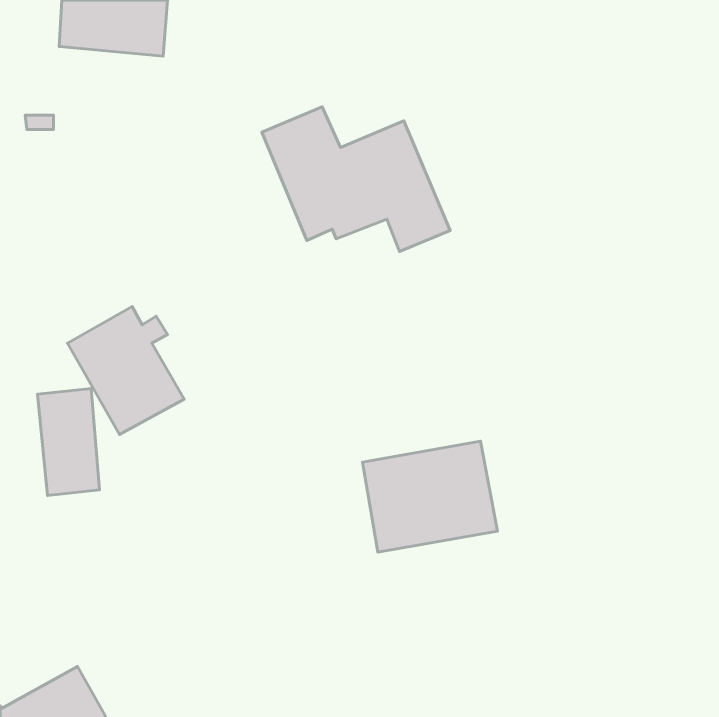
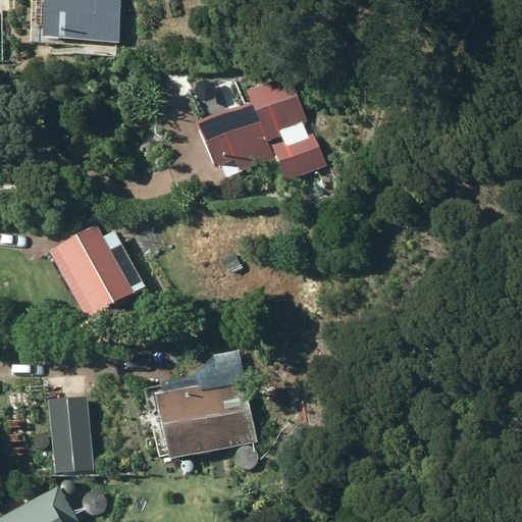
building: [38,389,100,495] -> [48,396,93,473]
building: [362,441,498,552] -> [158,376,256,457]

